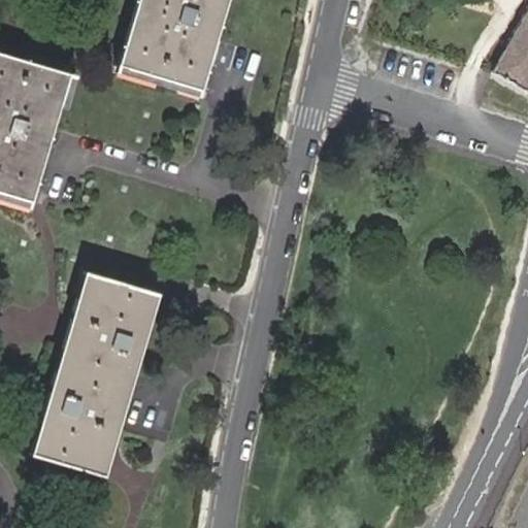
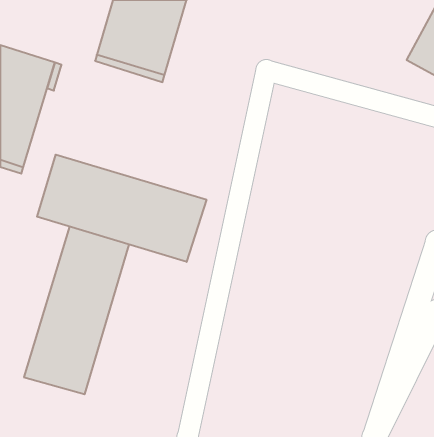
building: none -> [37,155,206,262]

